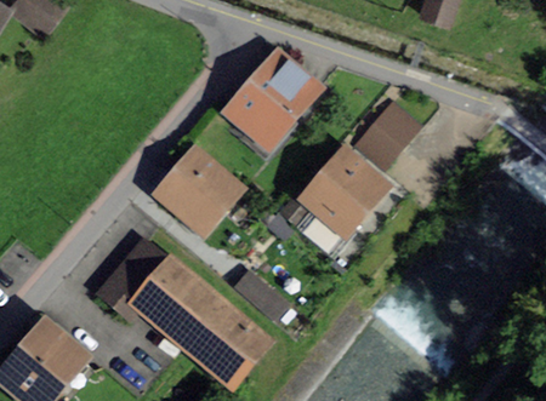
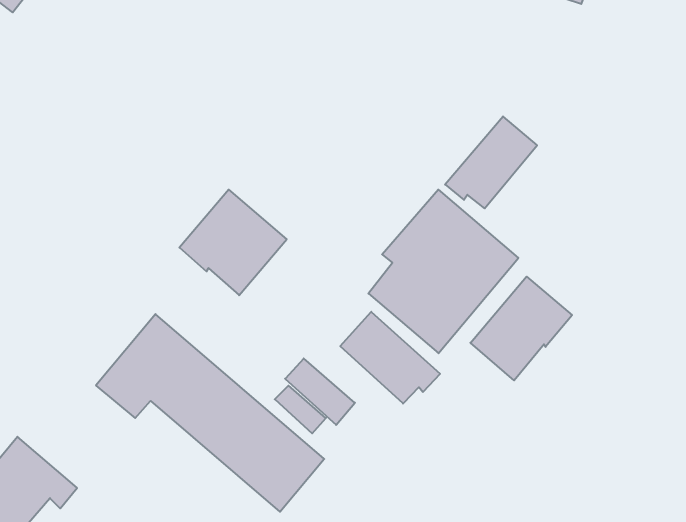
building: [231,58,315,145] -> none
building: none -> [470,277,572,380]
building: none -> [340,312,440,404]

